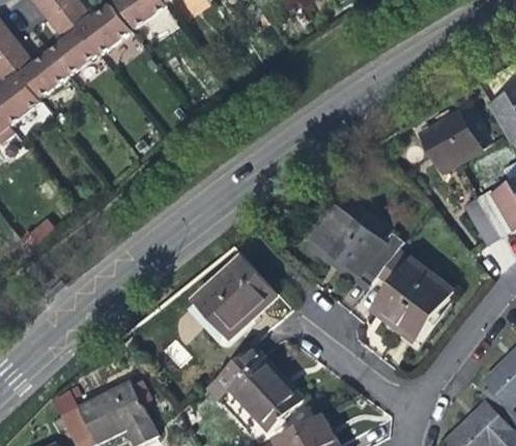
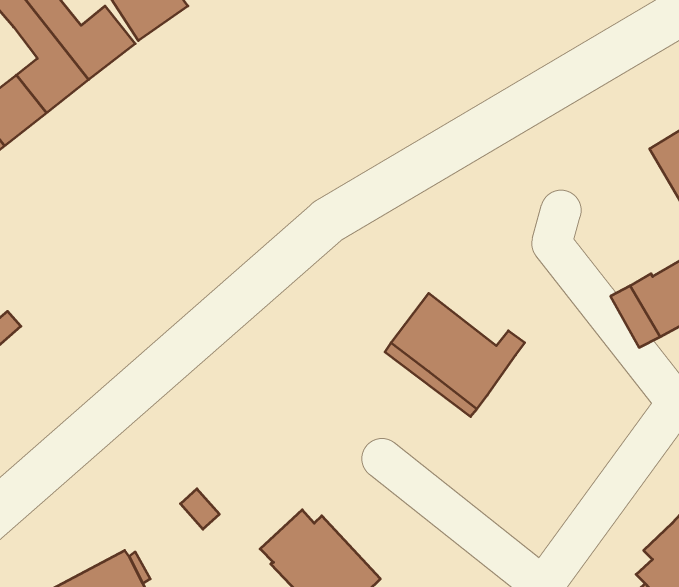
building: [419,111,476,170] -> none
building: [368,245,451,336] -> none
building: [193,257,275,338] -> none

